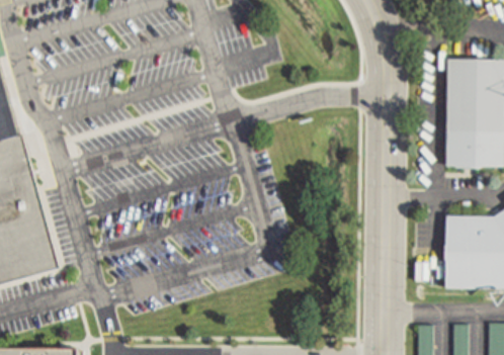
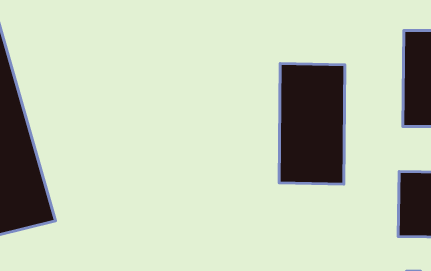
building: none -> [279,64,345,184]

